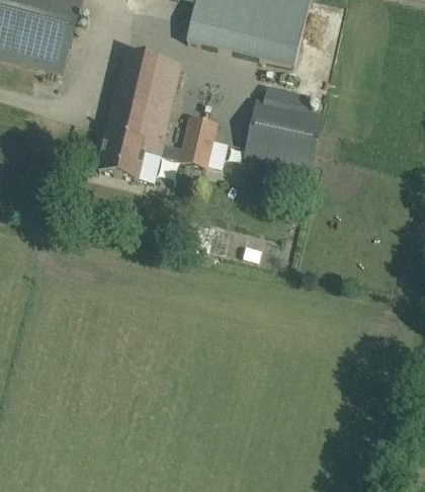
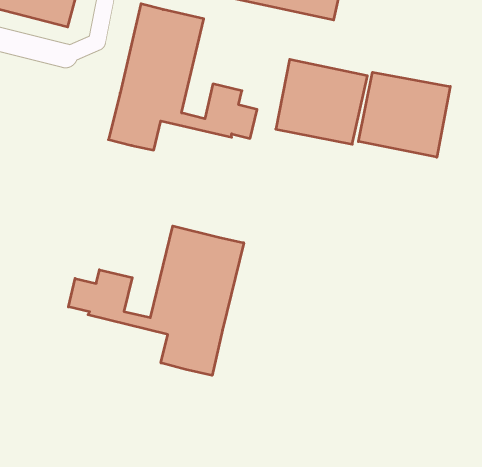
building: none -> [358,72,450,157]
building: none -> [68,226,244,375]

